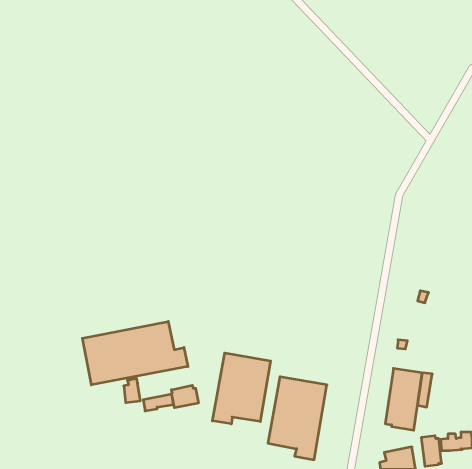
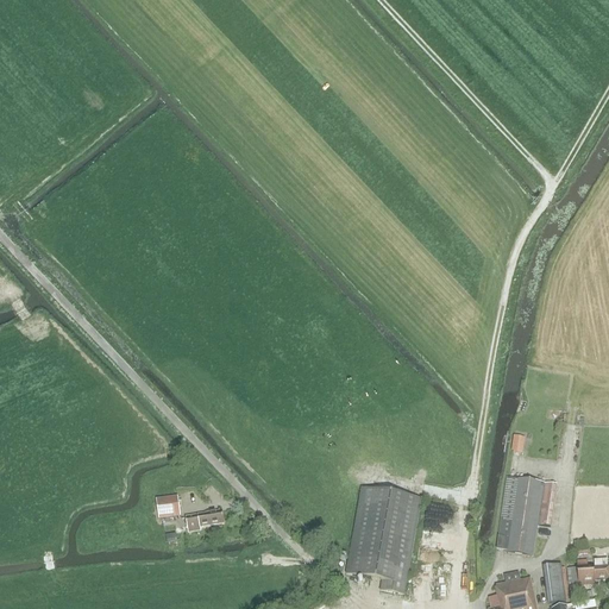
building: [82,321,188,385] -> none
building: [212,353,271,424] -> none
building: [171,385,198,408] -> none

